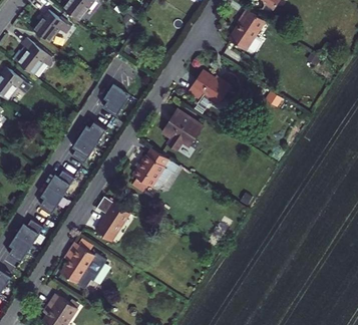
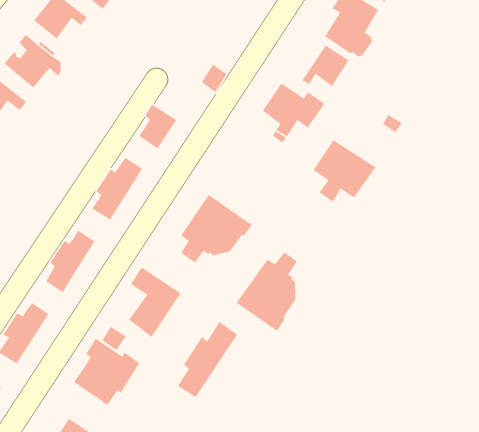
building: none -> [302,44,349,87]
building: [159,107,203,150] -> [313,139,376,203]
building: none -> [236,251,298,332]
building: none -> [177,321,238,398]

